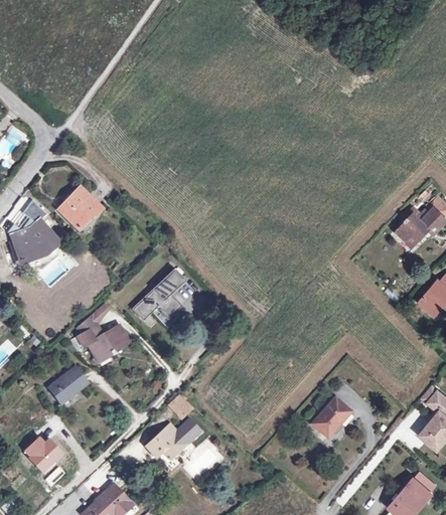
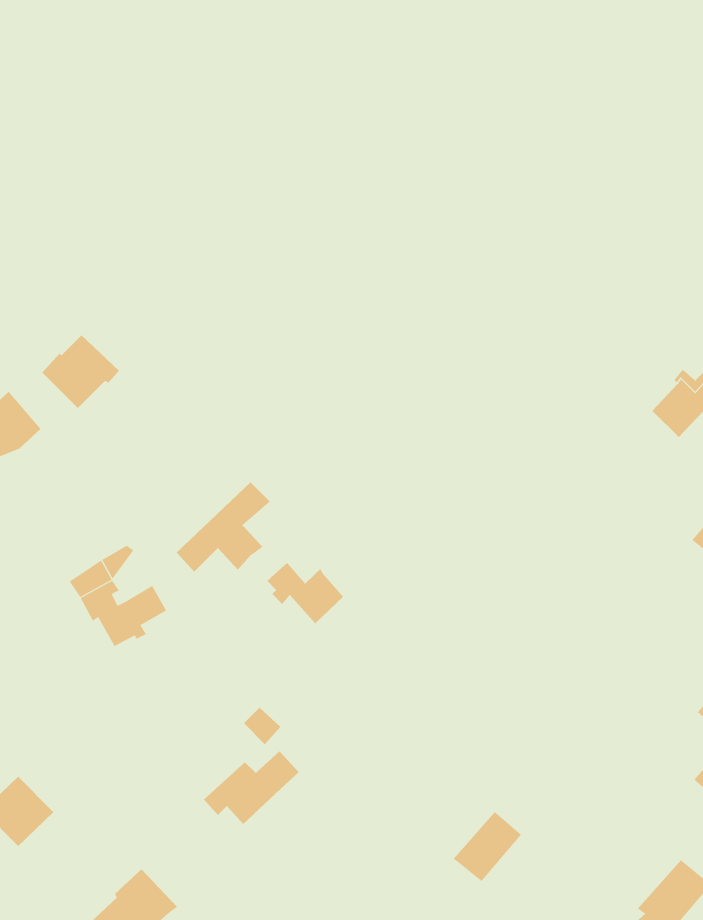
building: none -> [266,562,344,624]
building: [48,366,88,403] -> none
building: [312,398,350,438] -> [453,811,522,882]

